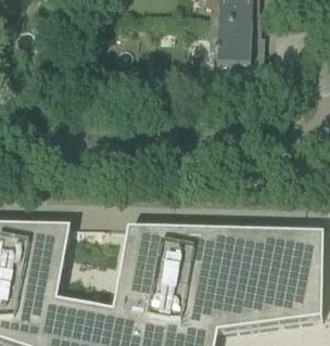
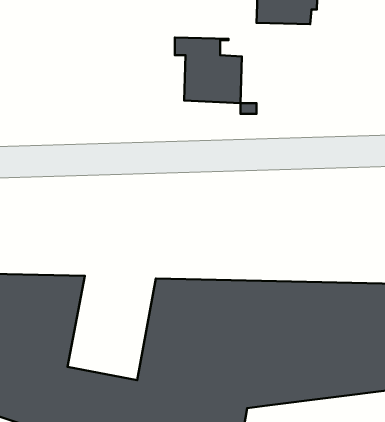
building: [210,22,264,75] -> [175,38,242,103]

